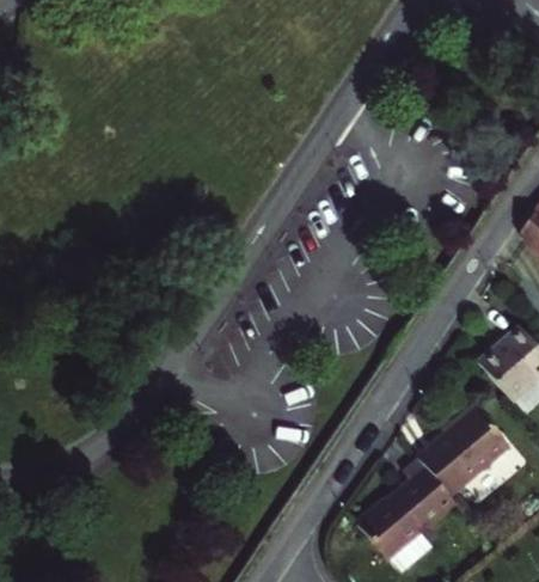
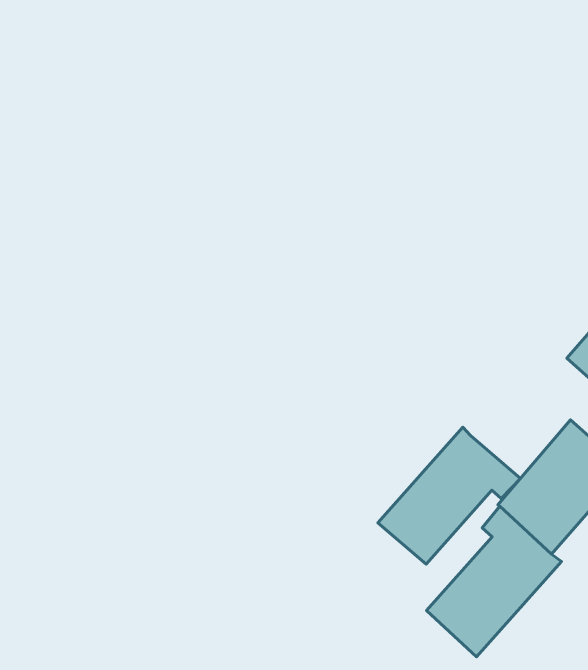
building: none -> [378,427,520,564]

